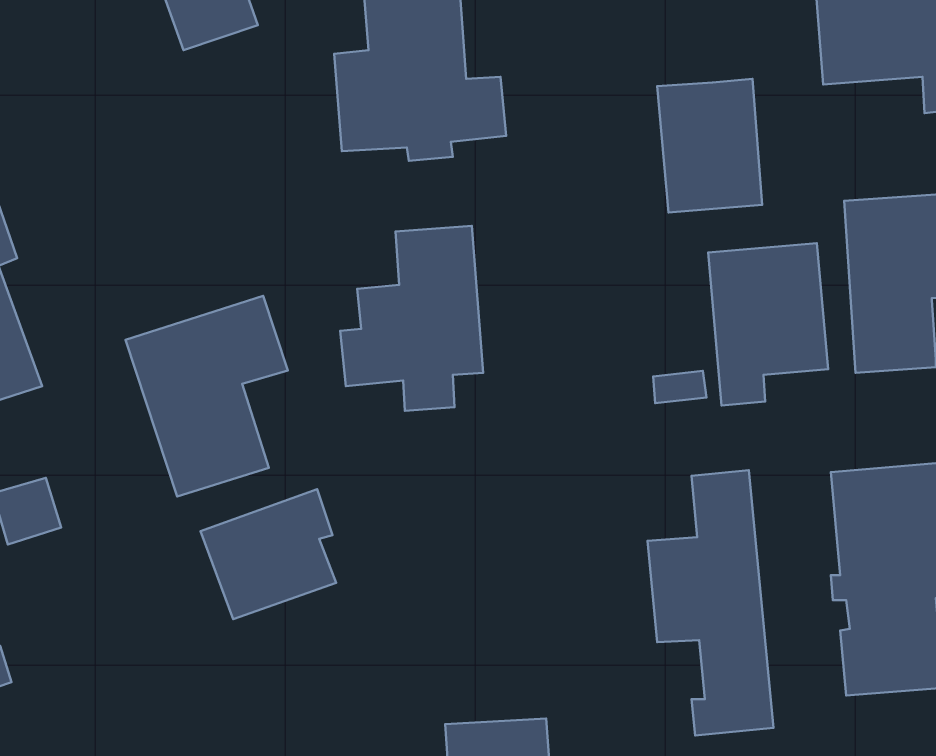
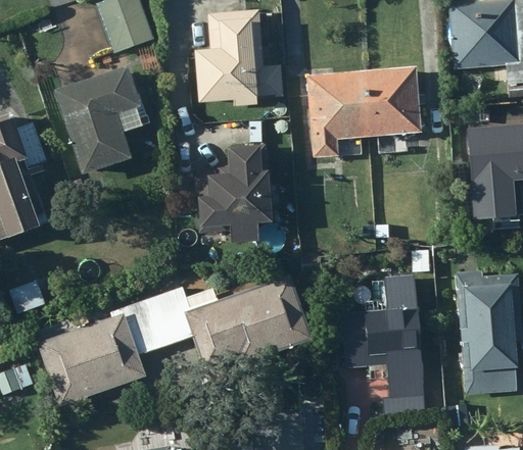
building: [708,243,828,405] -> [306,69,371,156]
building: [126,296,288,496] -> [51,67,138,174]
building: none -> [184,274,312,376]
building: none -> [38,307,146,405]

